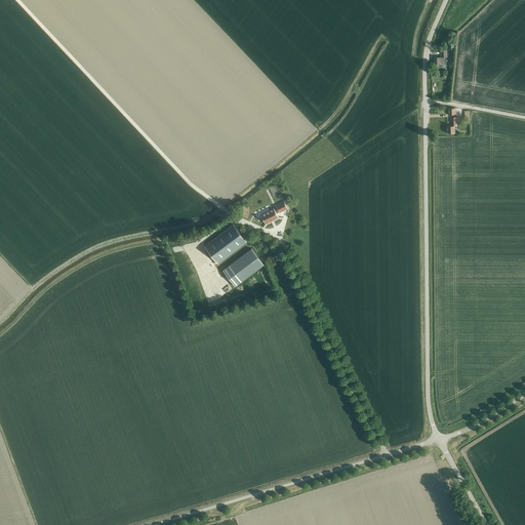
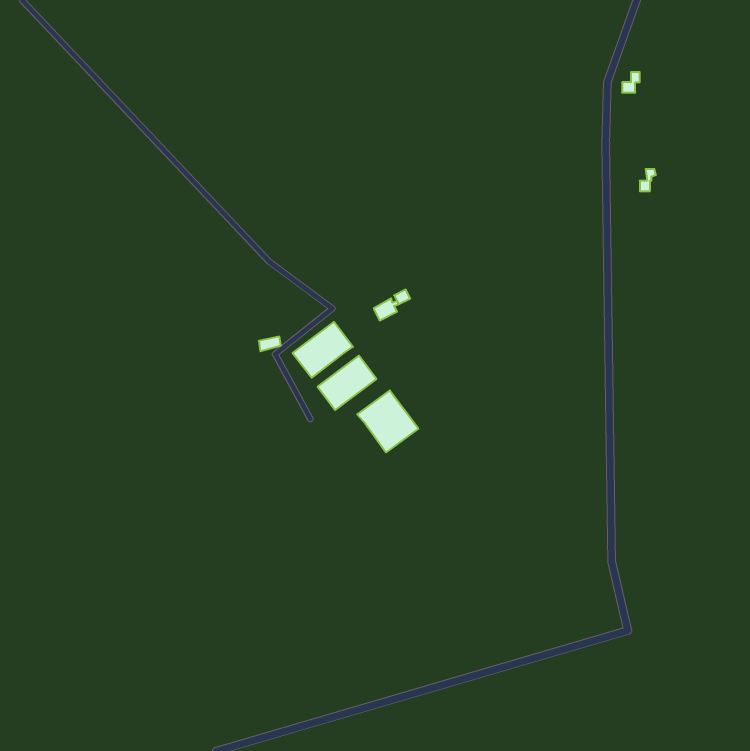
building: none -> [357,390,418,452]

